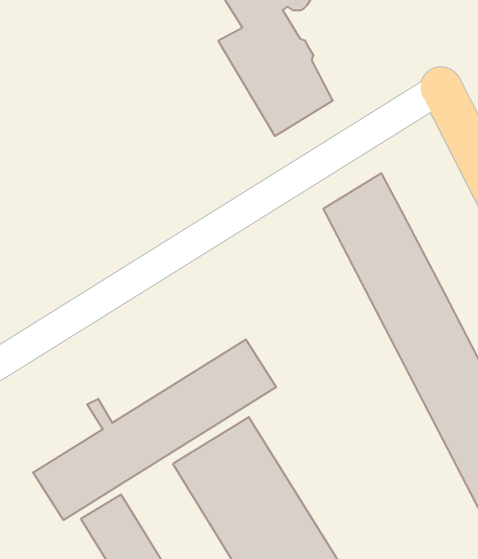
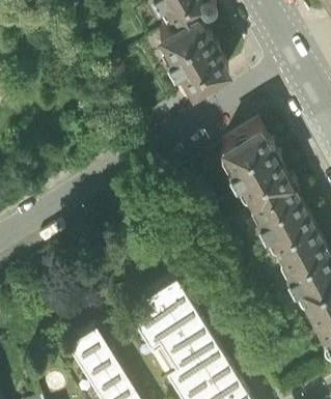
building: [33,339,276,520] -> none

